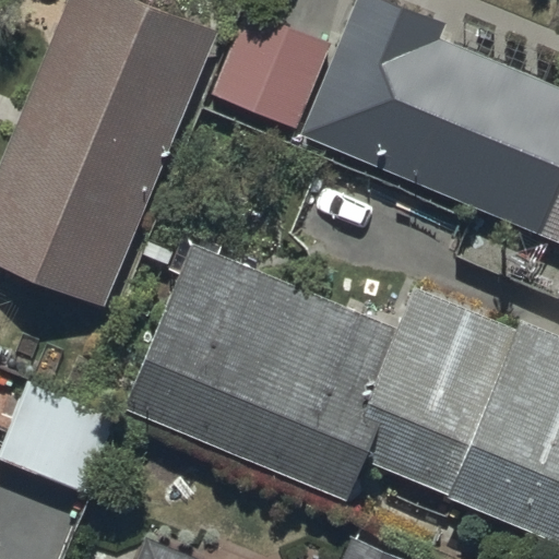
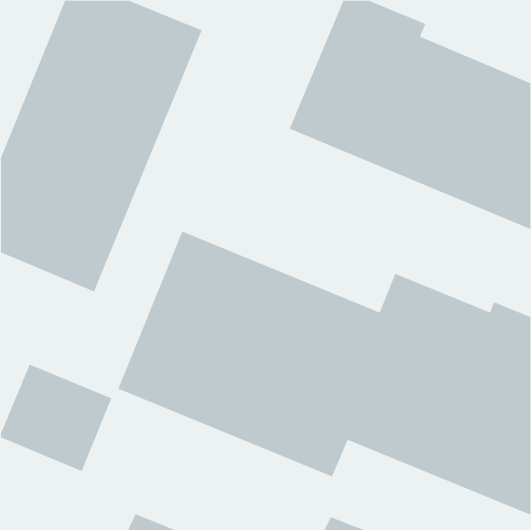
building: [217,12,338,131] -> none

